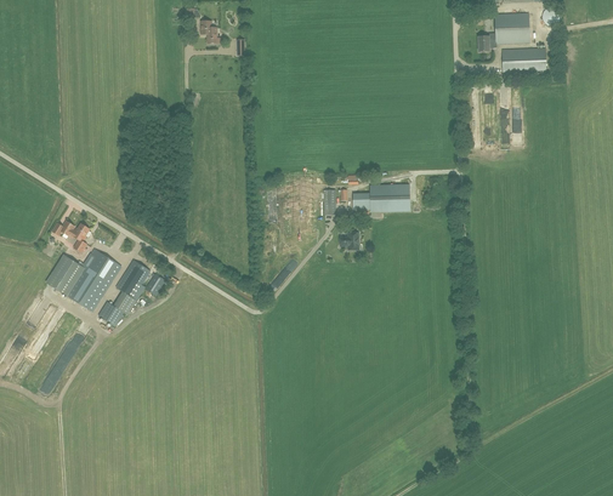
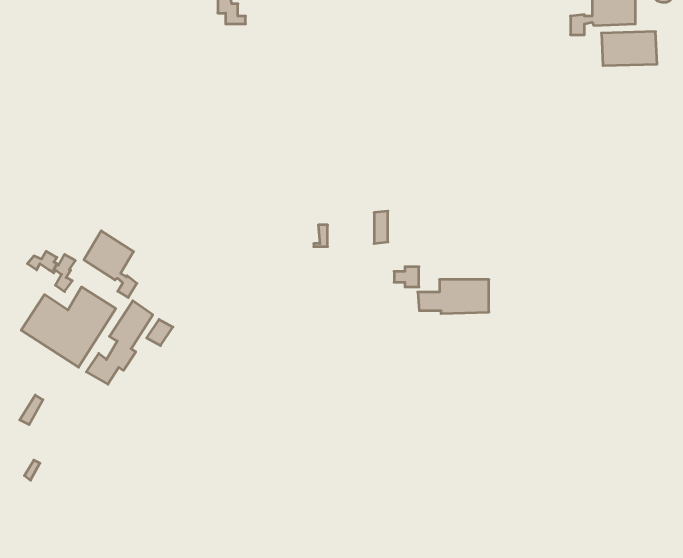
building: [352,183,408,210] -> [418,280,489,314]
building: none -> [84,231,137,298]

